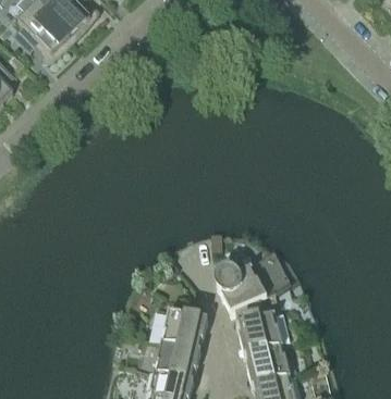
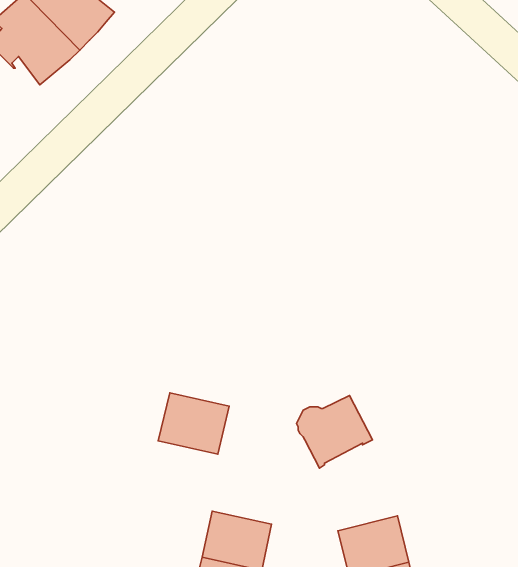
building: [234,297,282,354] -> none
building: [160,310,207,350] -> [158,393,229,454]

